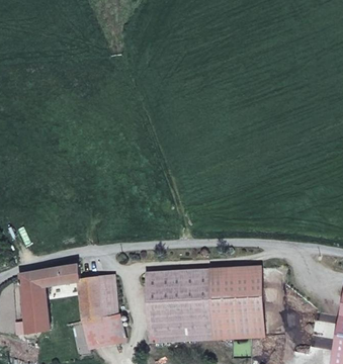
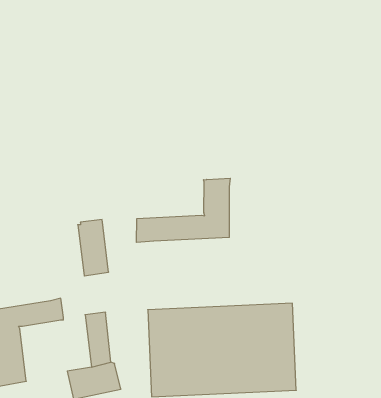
building: none -> [137,178,230,242]
building: [77,276,101,321] -> [78,220,109,276]

